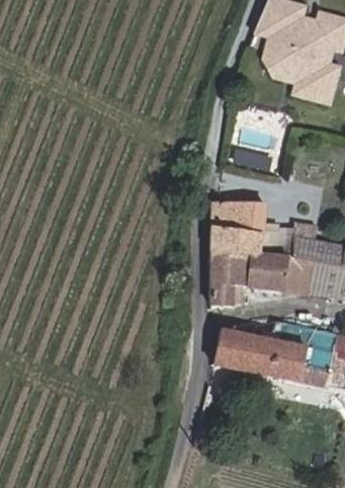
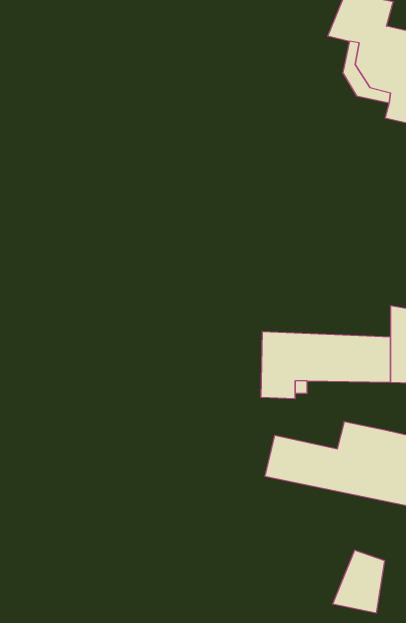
building: [210,204,306,258] -> none
building: none -> [333,550,385,613]

